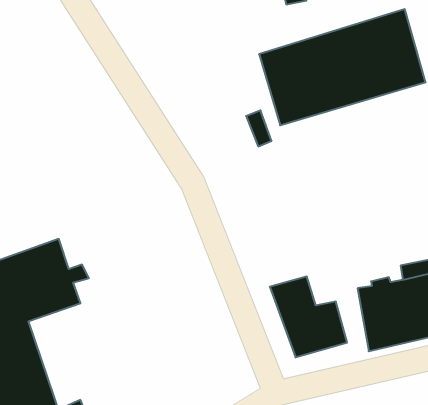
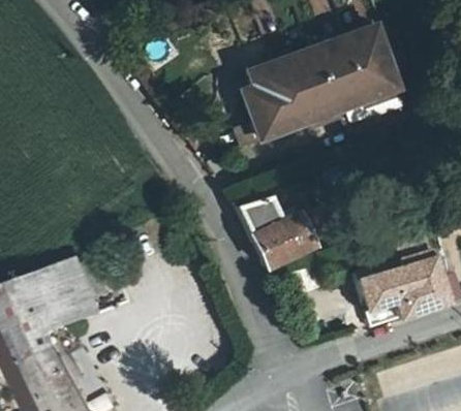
building: [270,277,347,357] -> [235,197,308,270]

